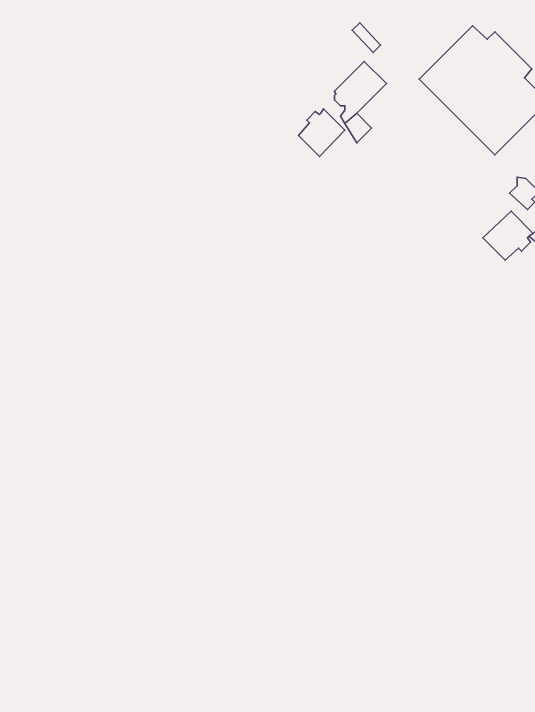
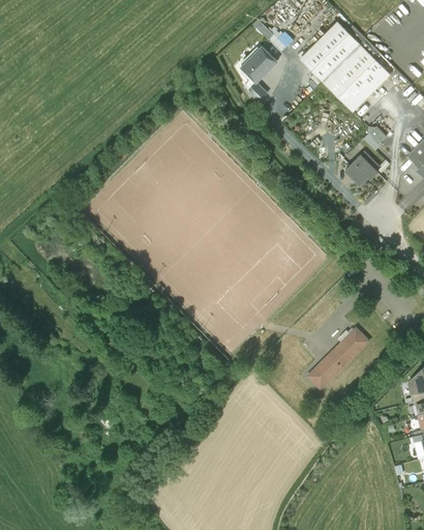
building: [298,109,345,157] -> none
building: none -> [308,329,367,388]

